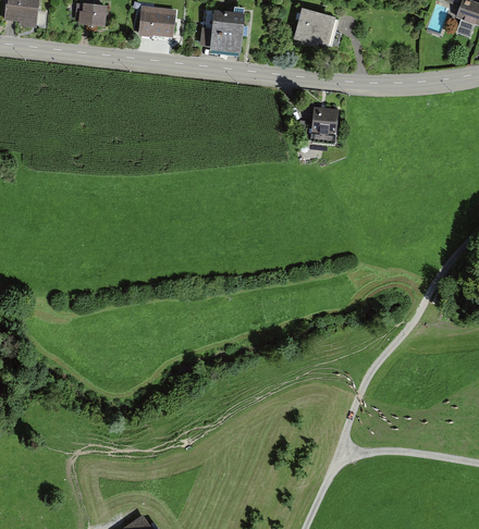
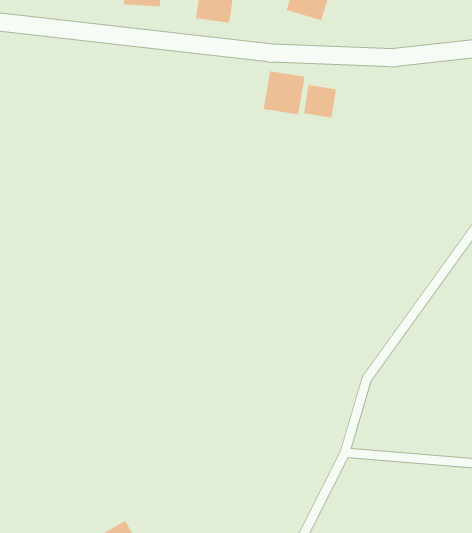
building: none -> [263,71,305,115]

